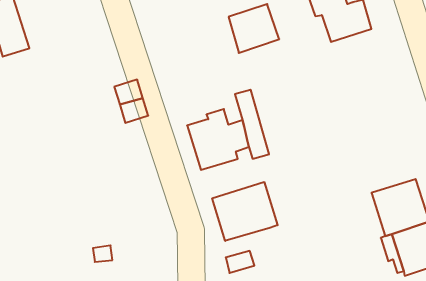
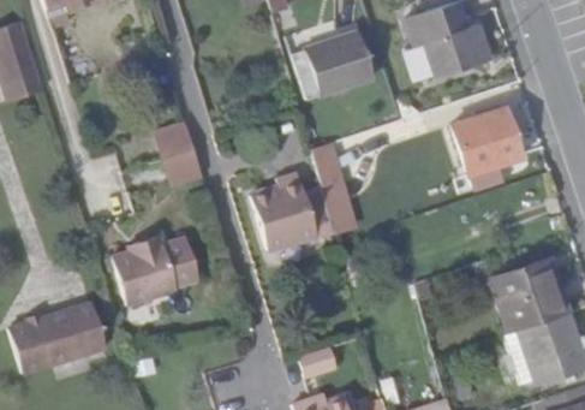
building: none -> [452,109,523,191]
building: none -> [114,238,199,307]
building: [212,182,278,241] -> none
building: none -> [14,303,112,369]

